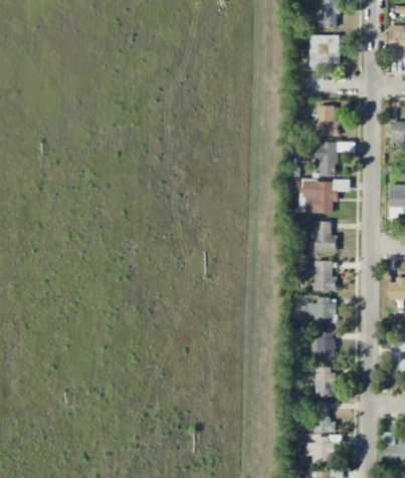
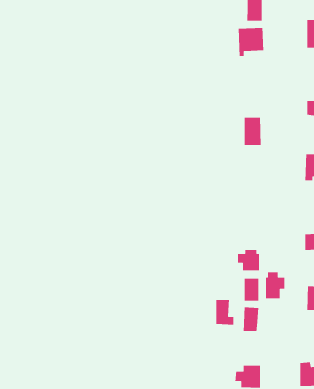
building: [316,105,339,137] -> none
building: [301,181,349,214] -> none
building: [313,222,337,252] -> none
building: [314,261,337,291] -> none
building: none -> [265,272,285,299]
building: [313,402,335,433] -> [215,299,234,325]

